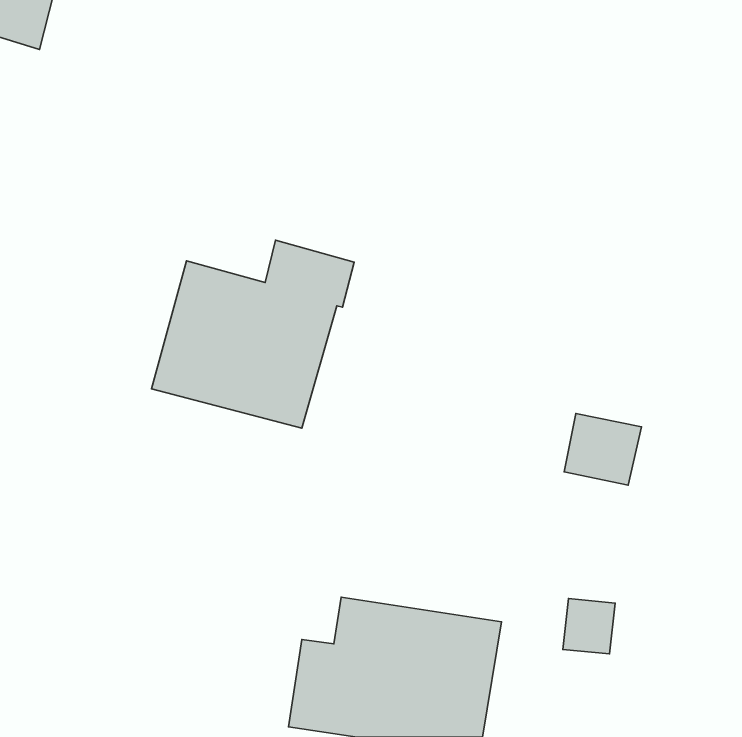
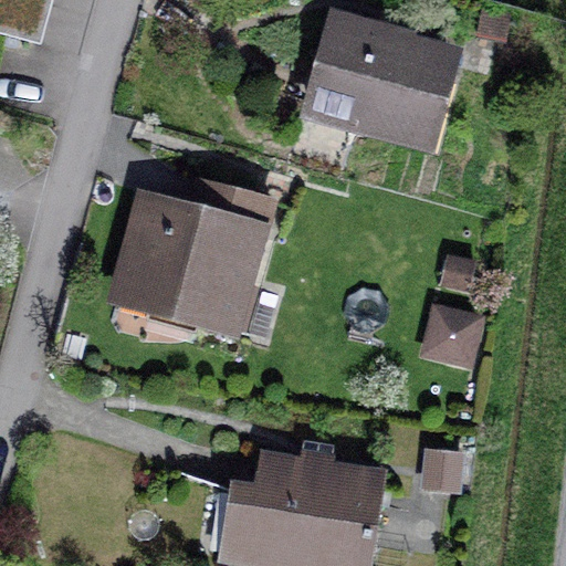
building: none -> [308,15,449,137]

